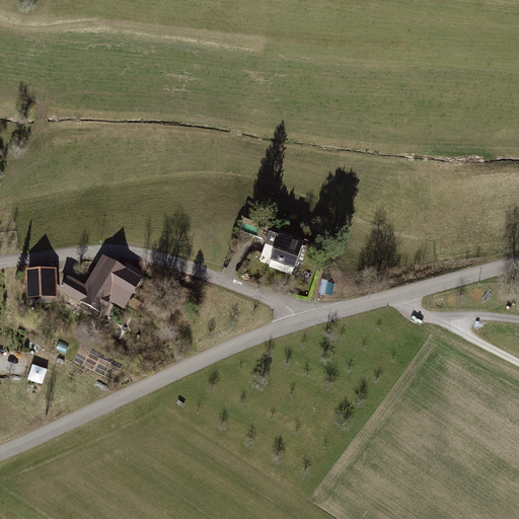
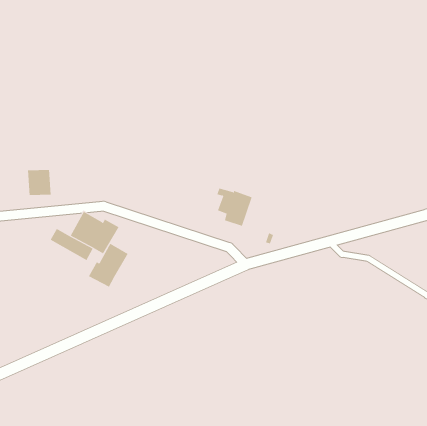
building: [26,266,56,297] -> [27,169,52,196]
building: none -> [88,243,129,287]

